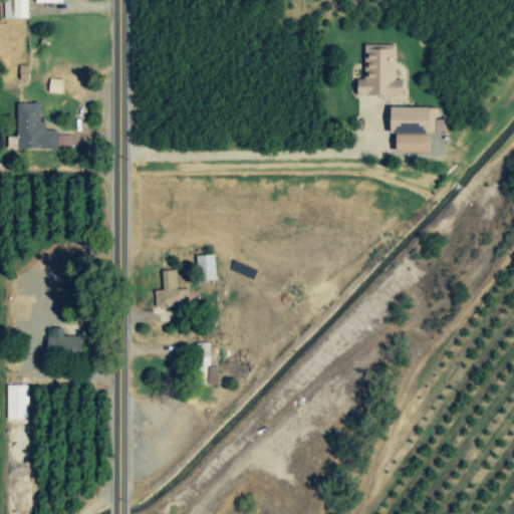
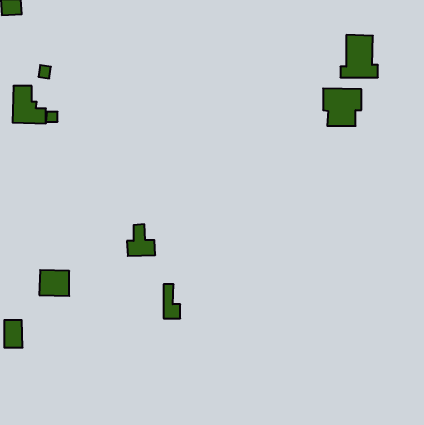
building: [358,44,404,95] -> [340,35,378,77]
building: [199,255,217,281] -> none

